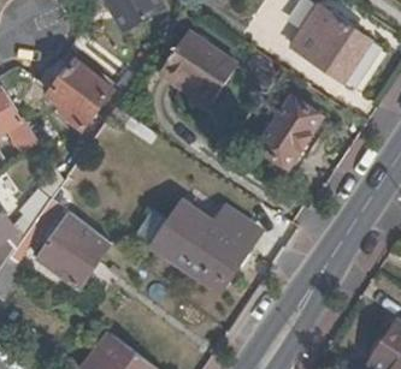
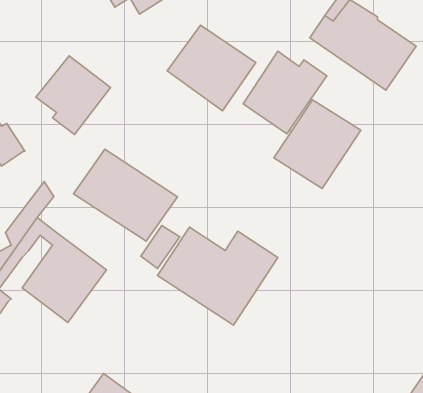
building: none -> [243,51,327,134]
building: none -> [73,149,178,241]

